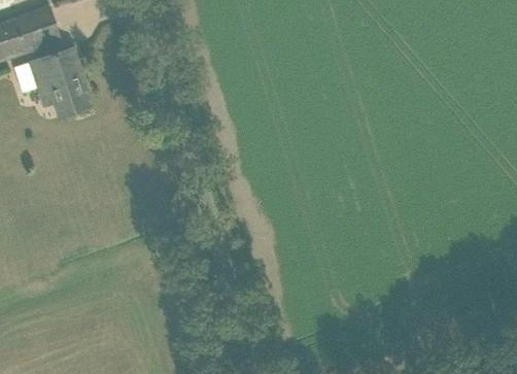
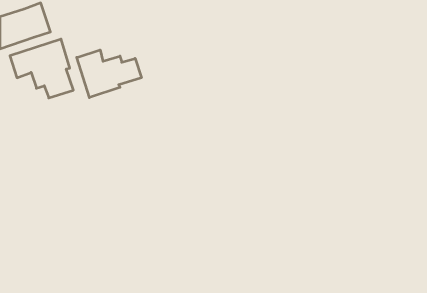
building: none -> [77,50,141,98]

